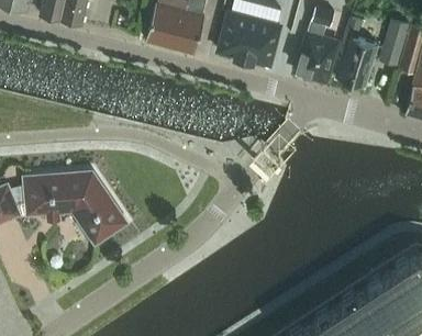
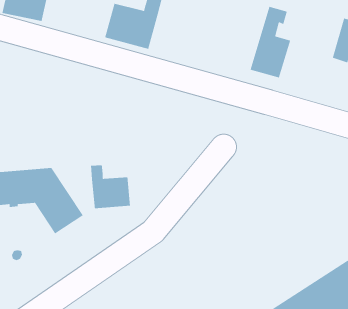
building: [219,10,281,64] -> none
building: [336,18,376,87] -> none
building: none -> [90,165,131,209]

